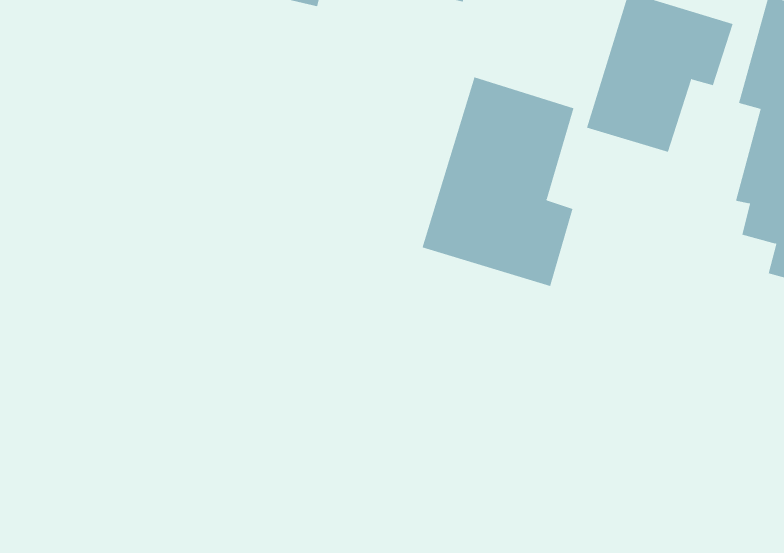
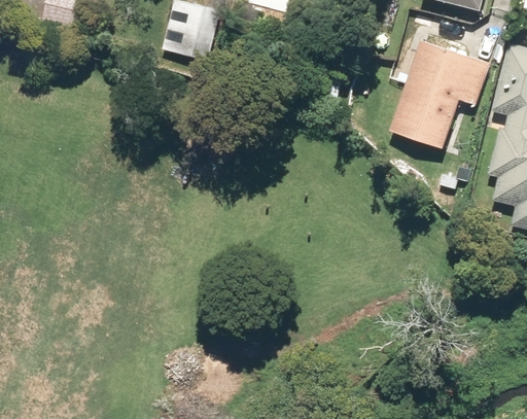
building: [422,77,574,287] -> none

